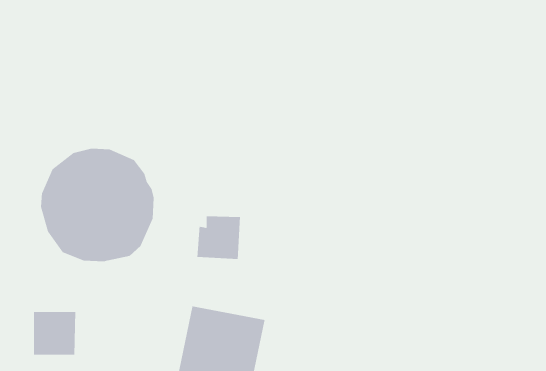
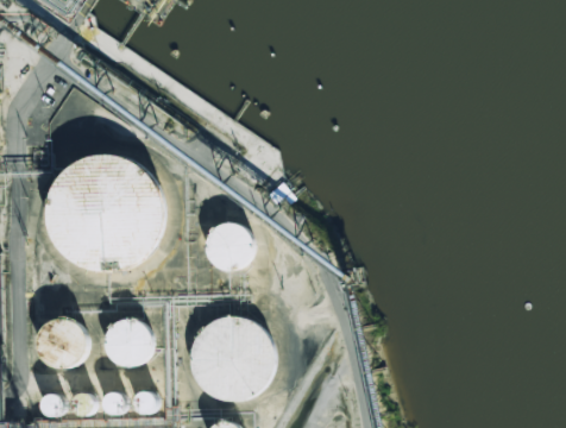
building: none -> [102,316,153,370]

